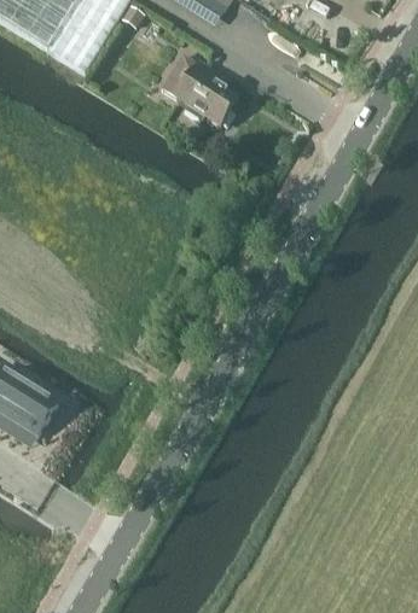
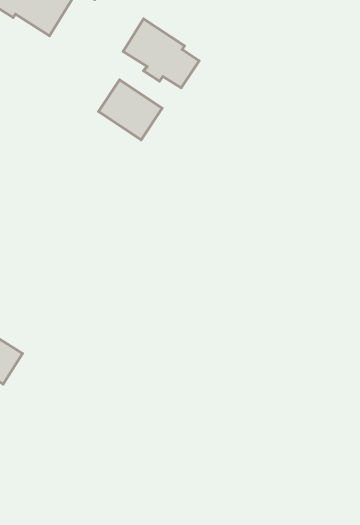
building: none -> [99,80,162,140]

